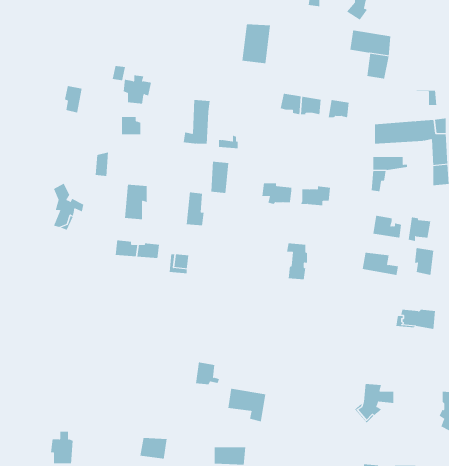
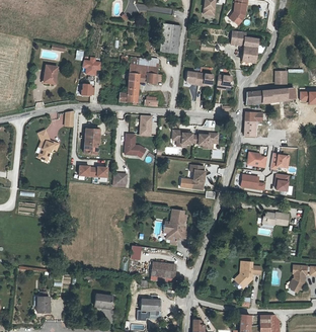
building: none -> [130,61,159,83]
building: none -> [169,212,189,248]

